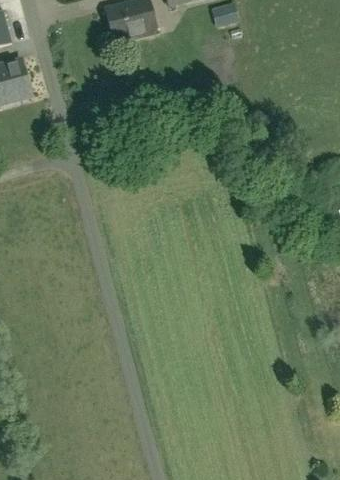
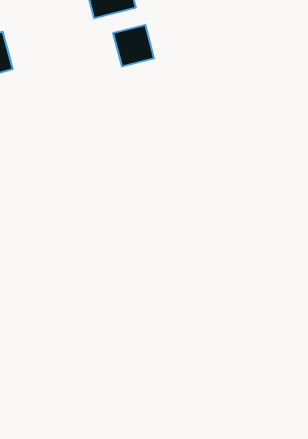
building: none -> [113,25,154,67]

